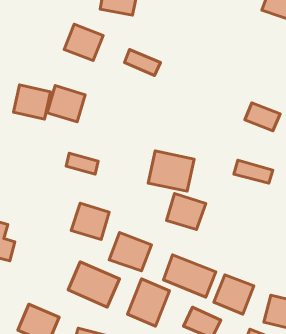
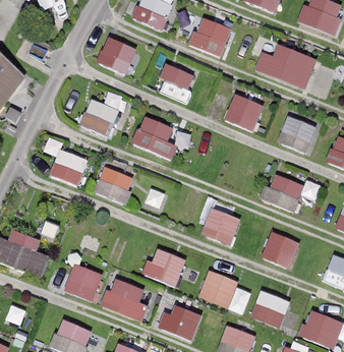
building: none -> [188,17,233,59]
building: none -> [260,44,317,90]
building: none -> [225,95,265,131]
building: [13,85,51,119] -> [50,151,88,185]
building: [148,151,194,191] -> [131,118,178,159]
building: [71,203,109,239] -> [64,265,103,301]
building: none -> [262,231,300,269]

